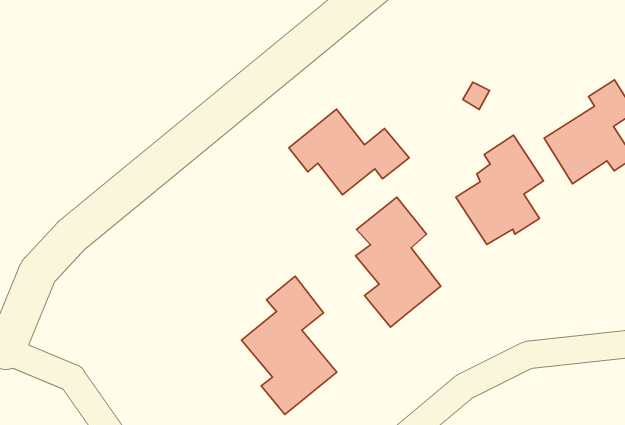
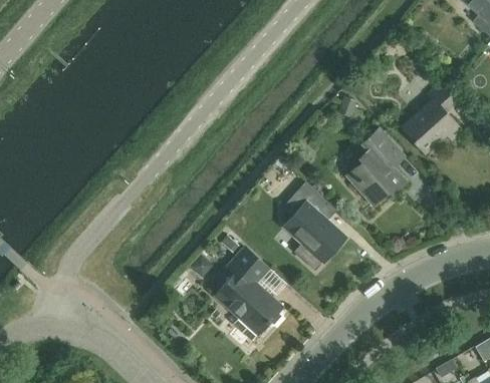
building: [289,109,409,195] -> none

